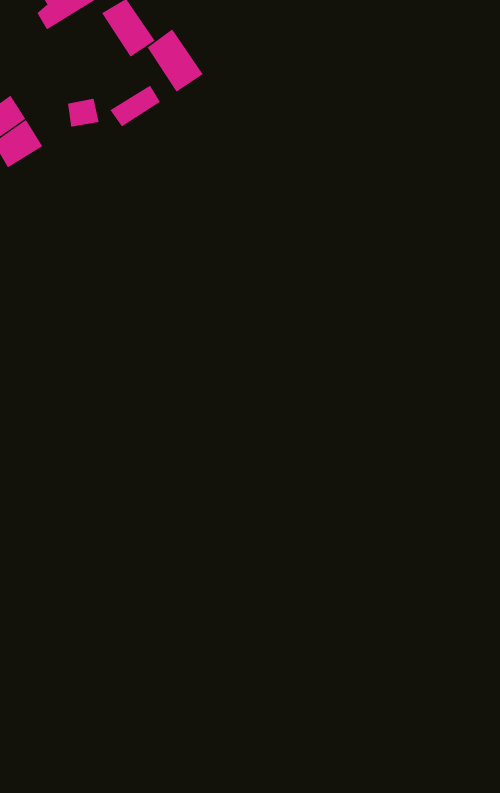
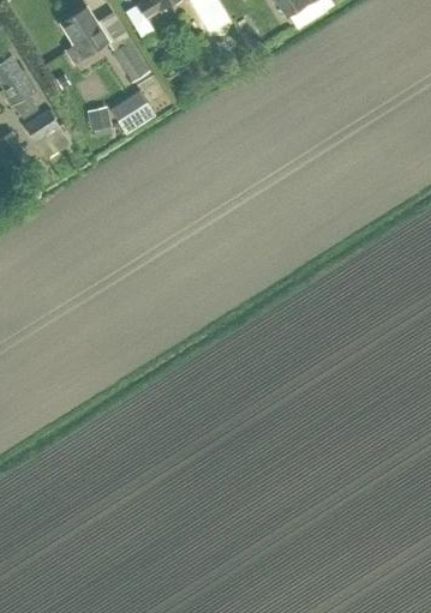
building: [147,29,204,93] -> none

